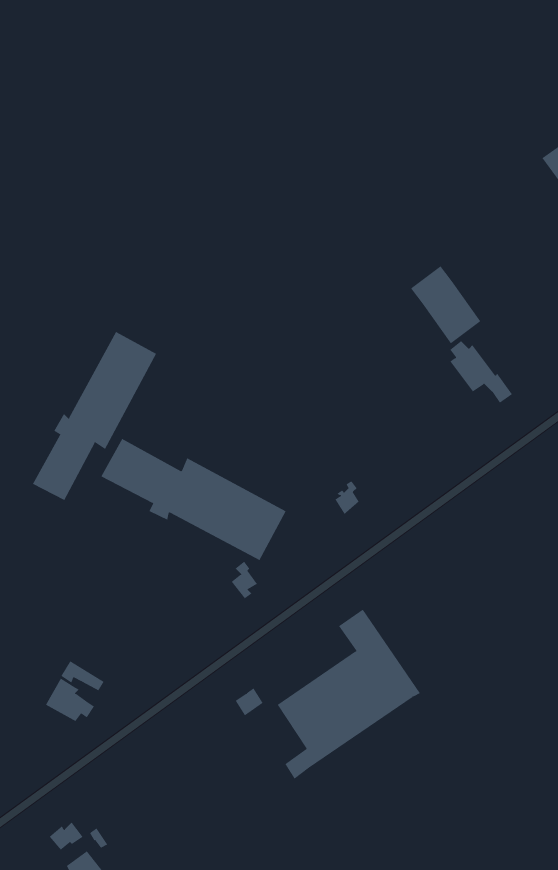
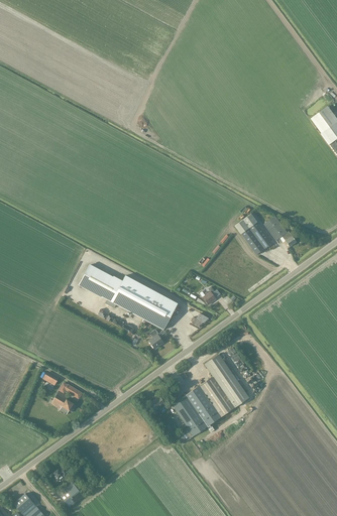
building: [410,266,481,344] -> [235,214,272,255]
building: [32,331,157,501] -> none

